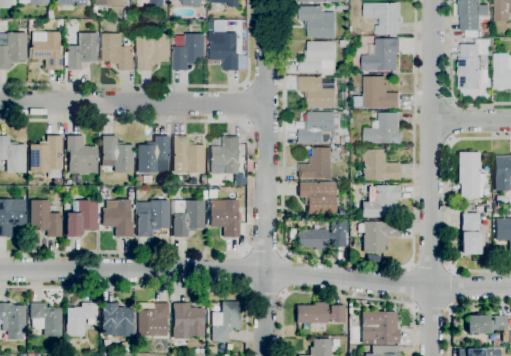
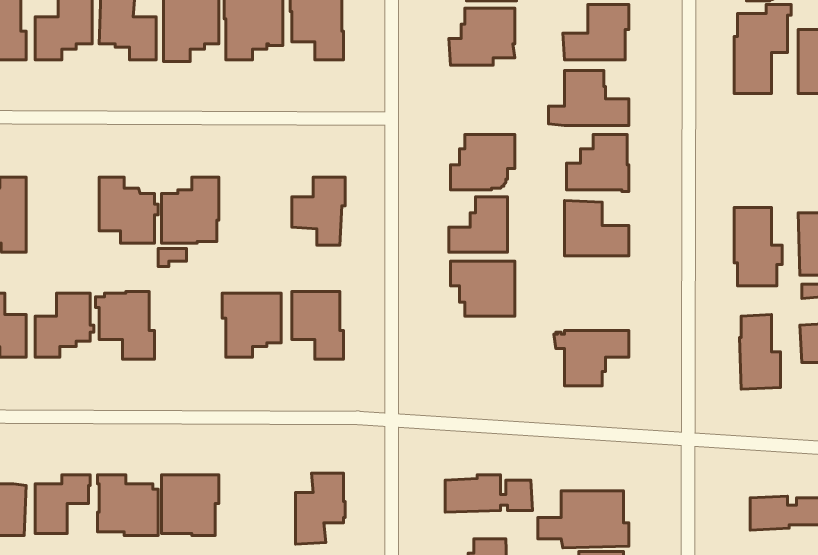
building: [299,76,336,108] -> none
building: [67,136,98,174] -> none
building: [174,136,205,173] -> none
building: [363,186,400,217] -> none
building: [136,201,170,238] -> none
building: [297,230,346,250] -> none
building: [174,304,205,339] -> none

